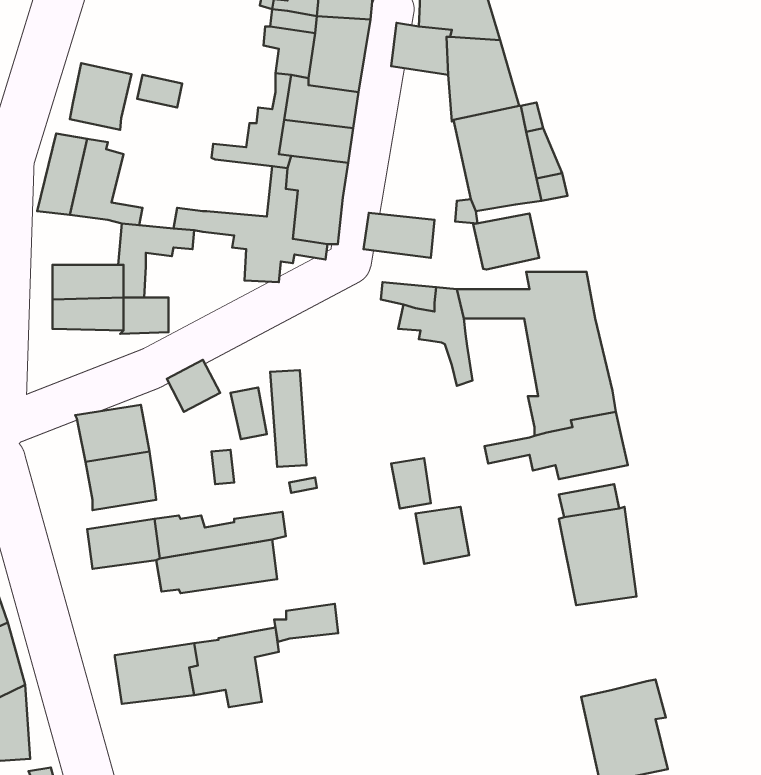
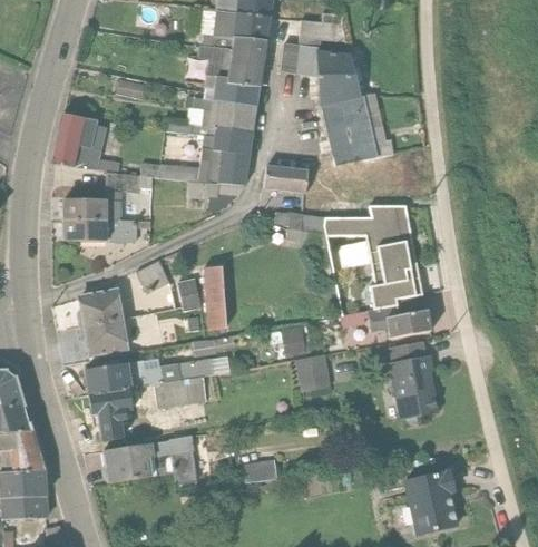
building: [70,63,131,130] -> none
building: [473,213,539,269] -> none
building: none -> [87,389,131,441]
building: [274,604,338,642] -> [235,459,276,483]

